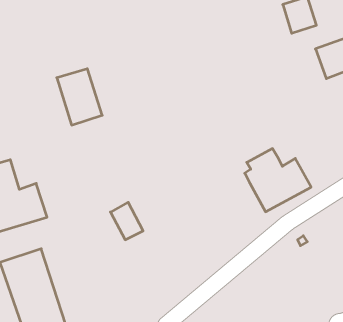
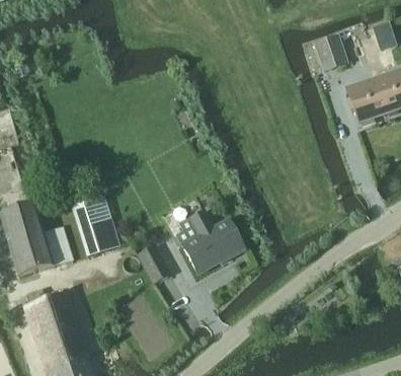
building: [57,69,102,125] -> [72,197,118,254]
building: [245,149,311,212] -> [176,208,244,273]

